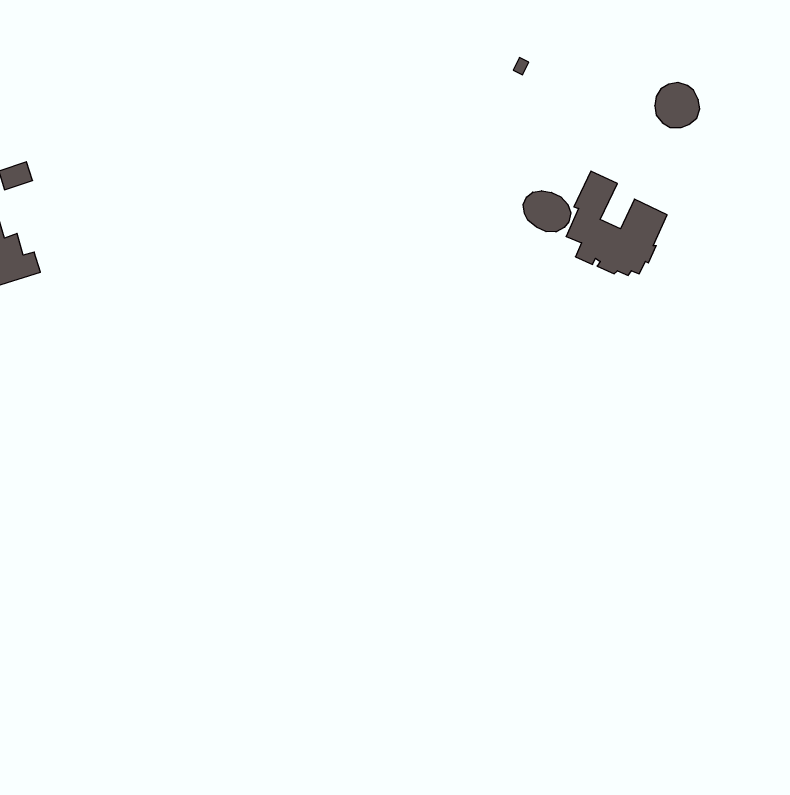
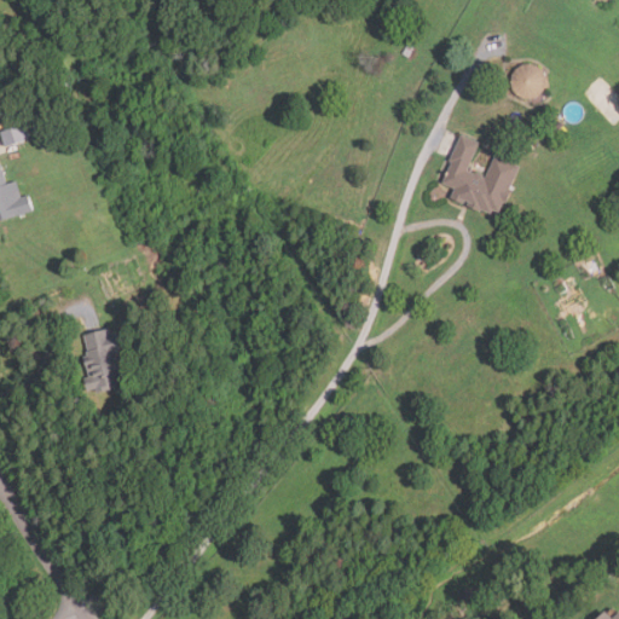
building: [523,191,571,232] -> none
building: none -> [81,330,120,393]

